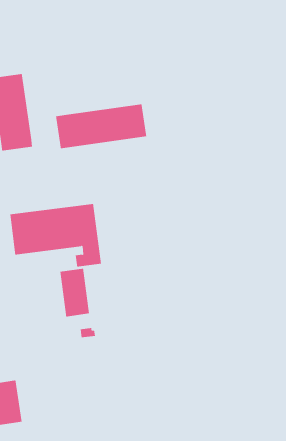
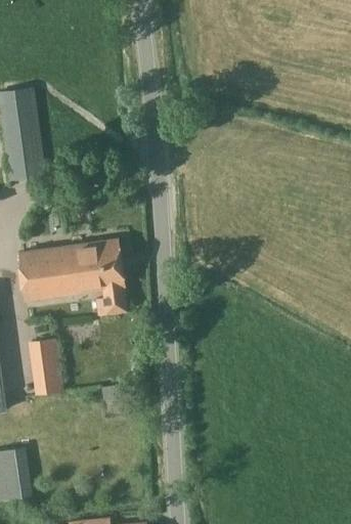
building: [56,104,147,149] -> none
building: [59,268,90,317] -> [29,338,64,395]

